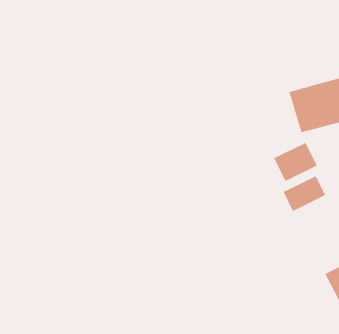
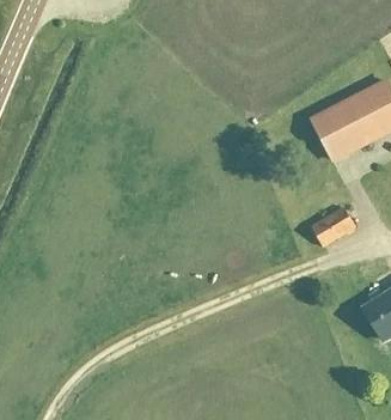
building: [274,142,318,182] -> none

